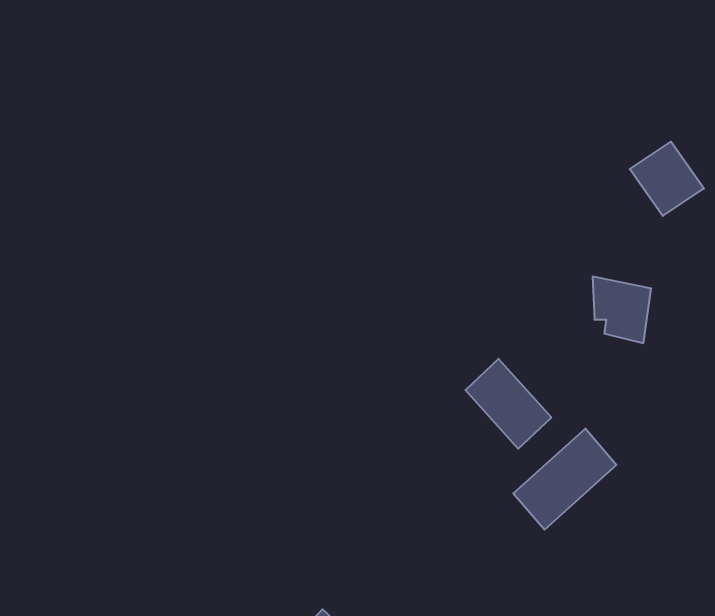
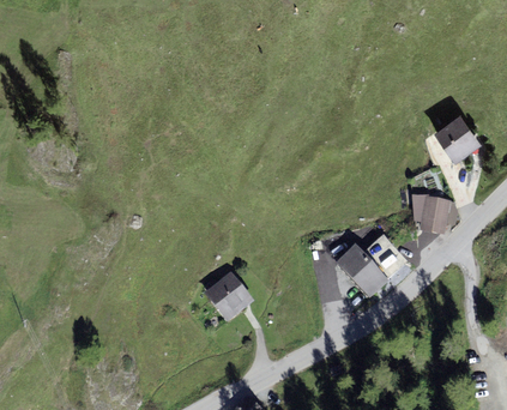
building: none -> [204,271,254,321]
building: [513,428,616,530] -> none

